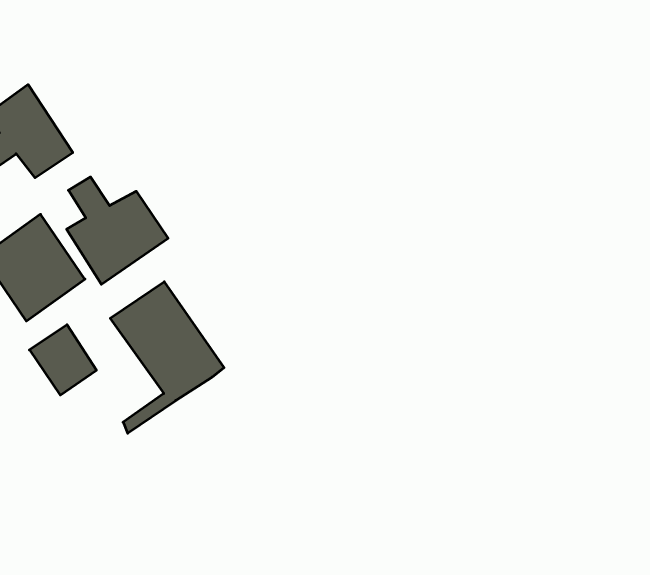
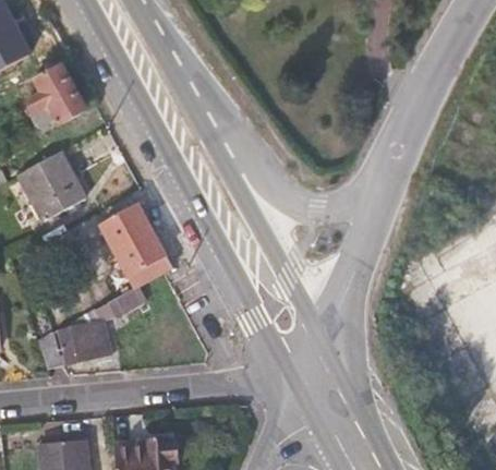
building: [67,177,168,284] -> none
building: none -> [39,287,145,369]

